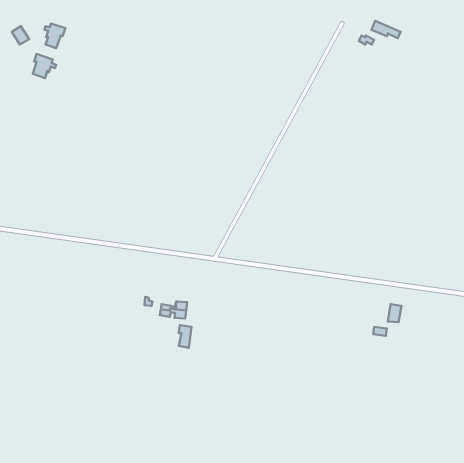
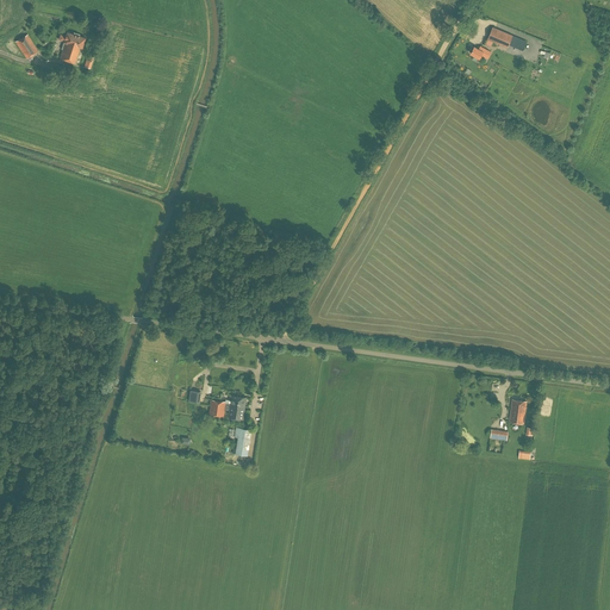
building: [33,54,56,78] -> none

